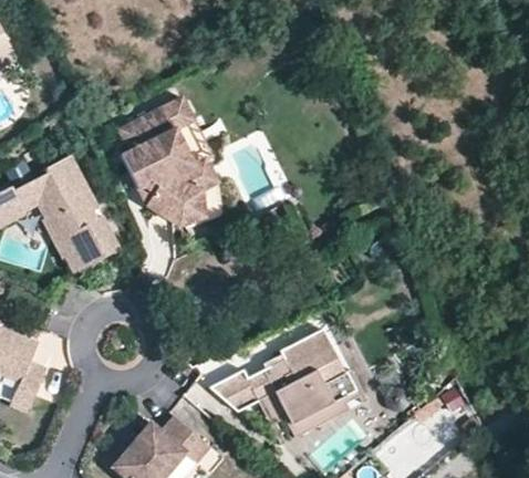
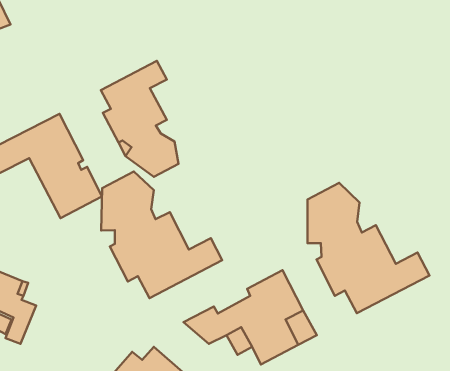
building: [173,115,221,210] -> none
building: none -> [101,171,222,298]
building: none -> [307,183,429,313]

